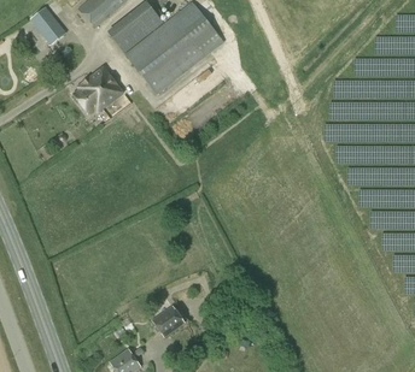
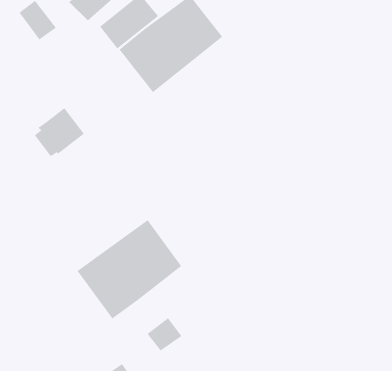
building: [75,66,123,113] -> [34,107,85,157]
building: none -> [76,219,182,320]

